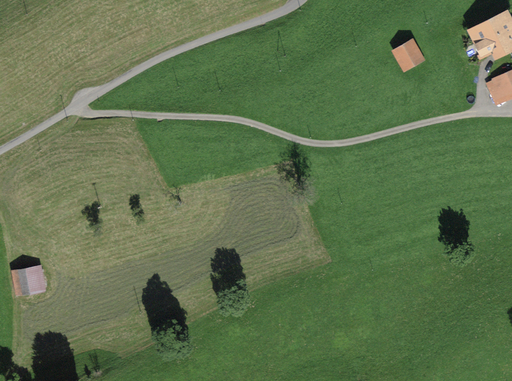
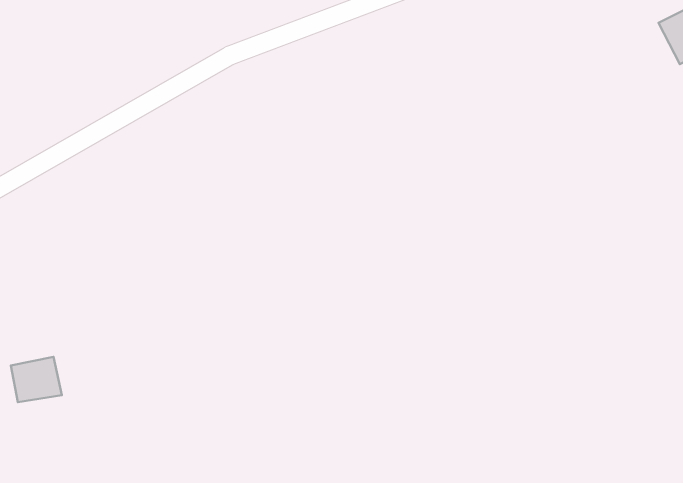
building: [392,39,426,72] -> none

